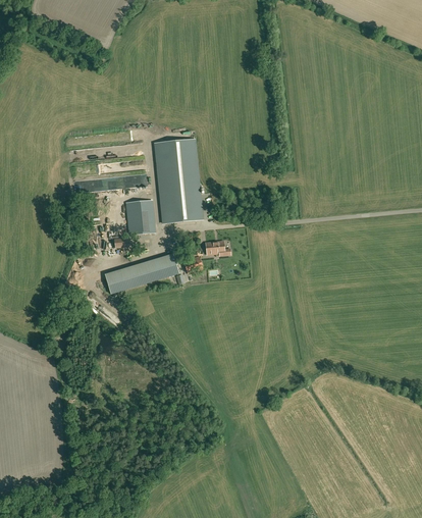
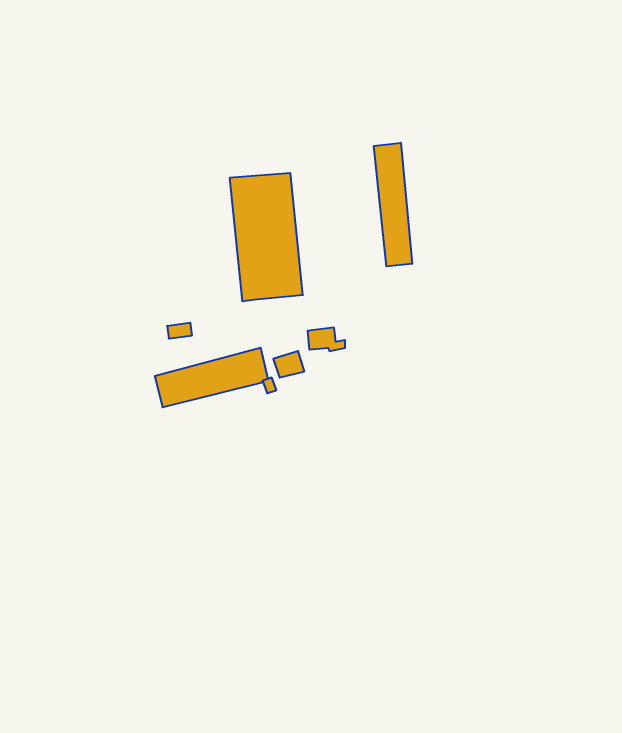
building: none -> [374,143,412,266]
building: [125,201,155,235] -> none

